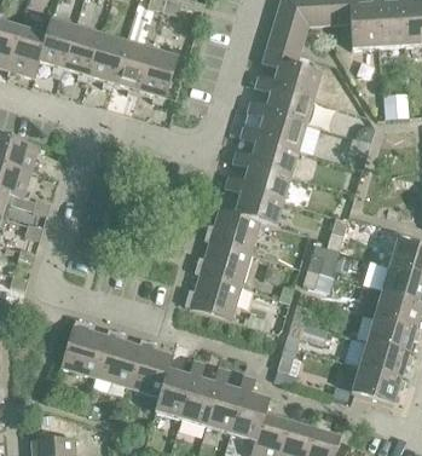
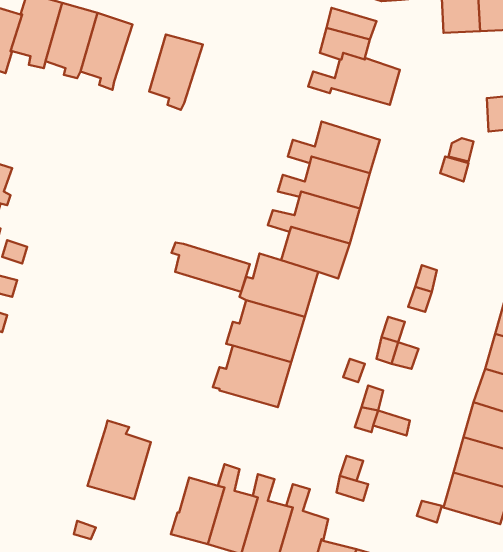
building: [114,41,151,96] -> none
building: [247,87,313,125] -> none
building: none -> [172,242,250,292]
building: [62,318,108,375] -> none
building: [128,337,173,394] -> none

